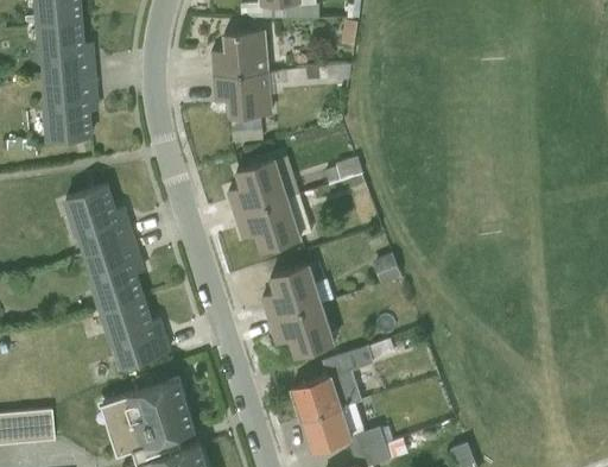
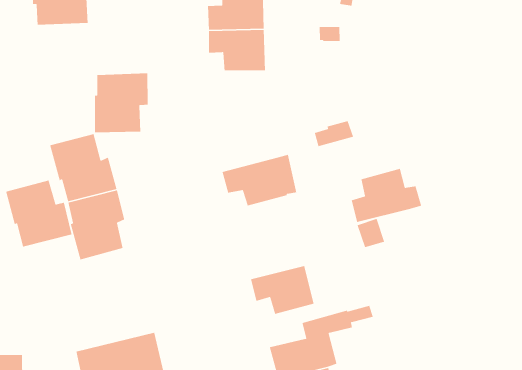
building: [43,77,97,140] -> [94,73,149,133]
building: [228,159,290,216] -> none
building: [262,264,334,321] -> [351,168,422,223]
building: [100,298,169,367] -> [5,179,72,247]

